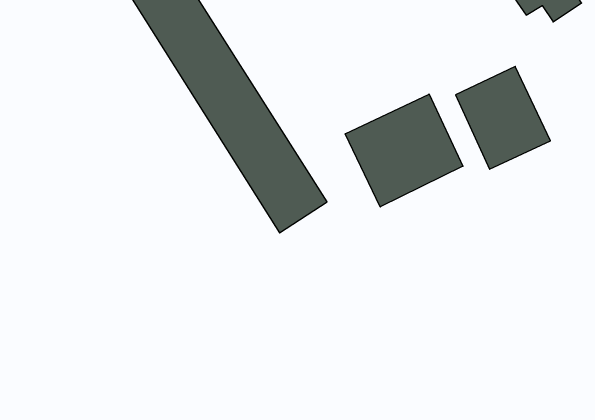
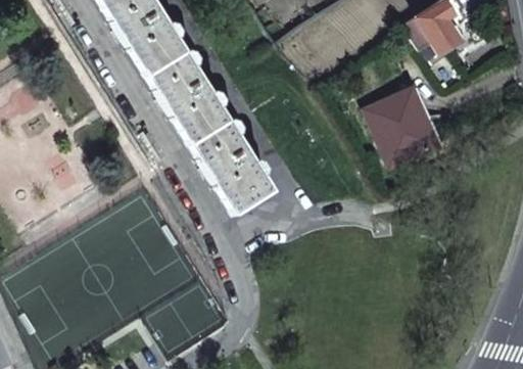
building: [345,94,463,207] -> none

